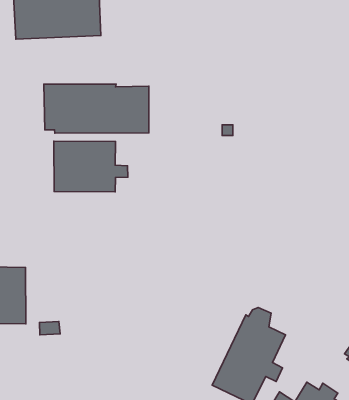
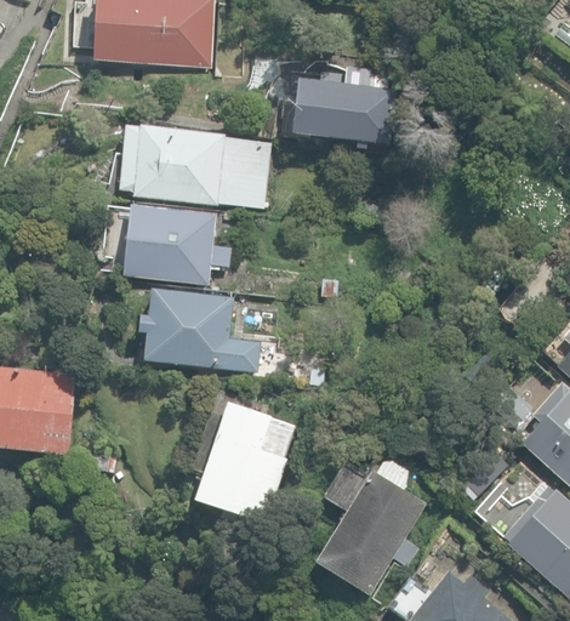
building: none -> [292,65,394,143]
building: none -> [138,290,260,372]
building: none -> [195,401,286,522]

